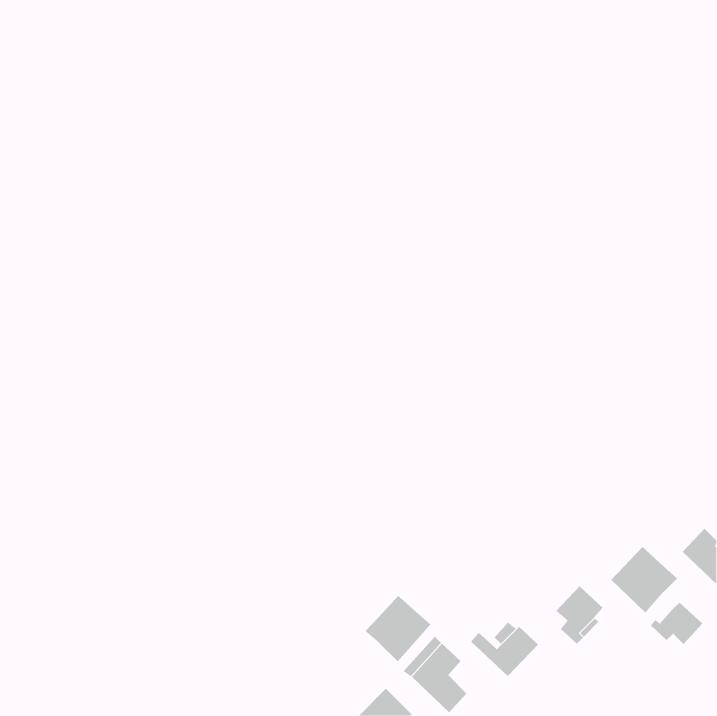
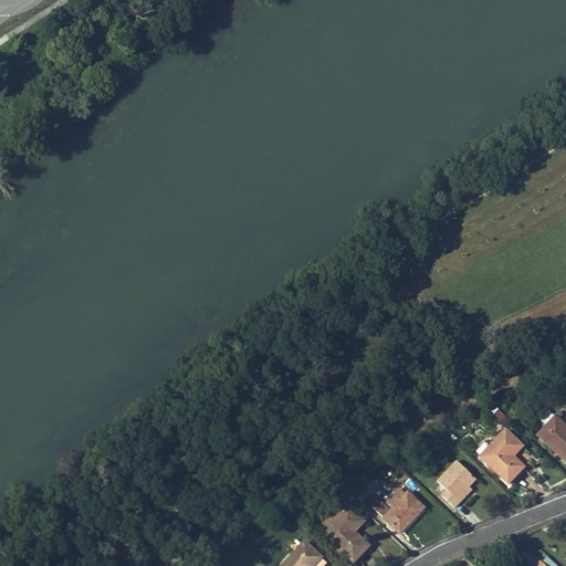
building: [365,595,431,662] -> none
building: [650,602,703,645] -> none

